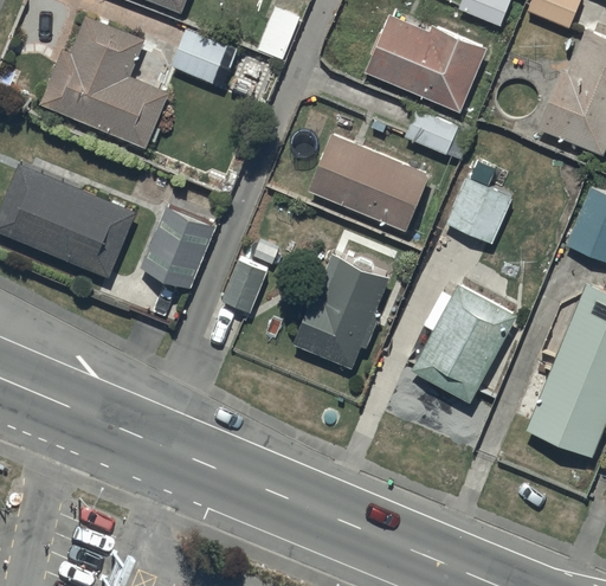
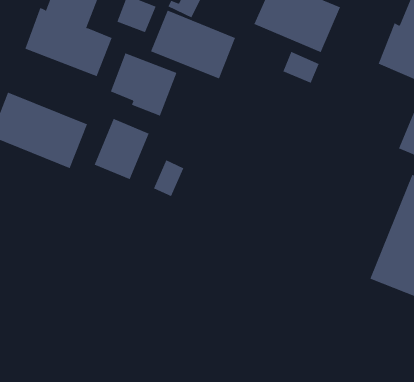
building: none -> [110,52,177,117]
building: [309,133,428,230] -> [150,10,236,79]
building: [445,180,511,244] -> none
building: [294,253,391,369] -> none
building: [411,283,517,401] -> none

